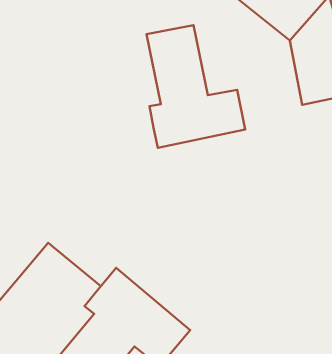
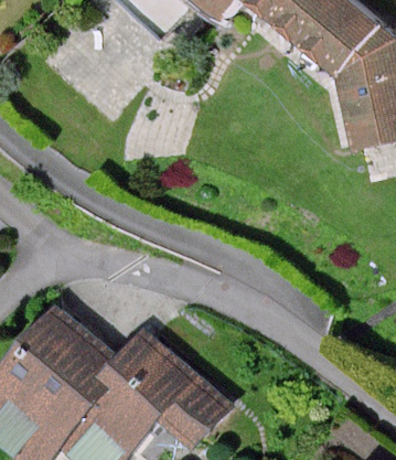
building: [147,25,245,148] -> none

